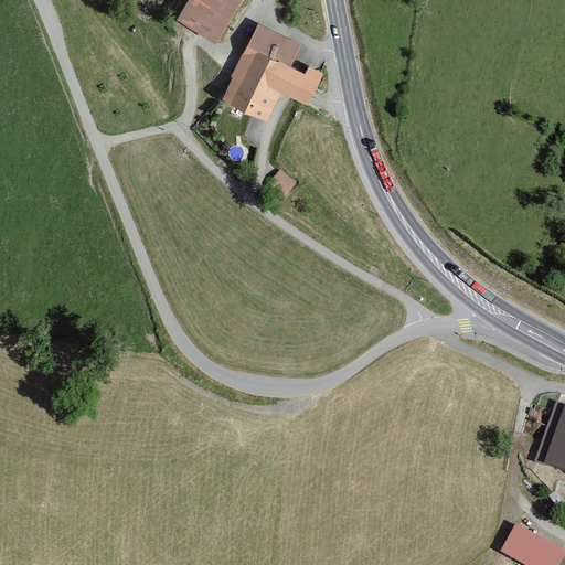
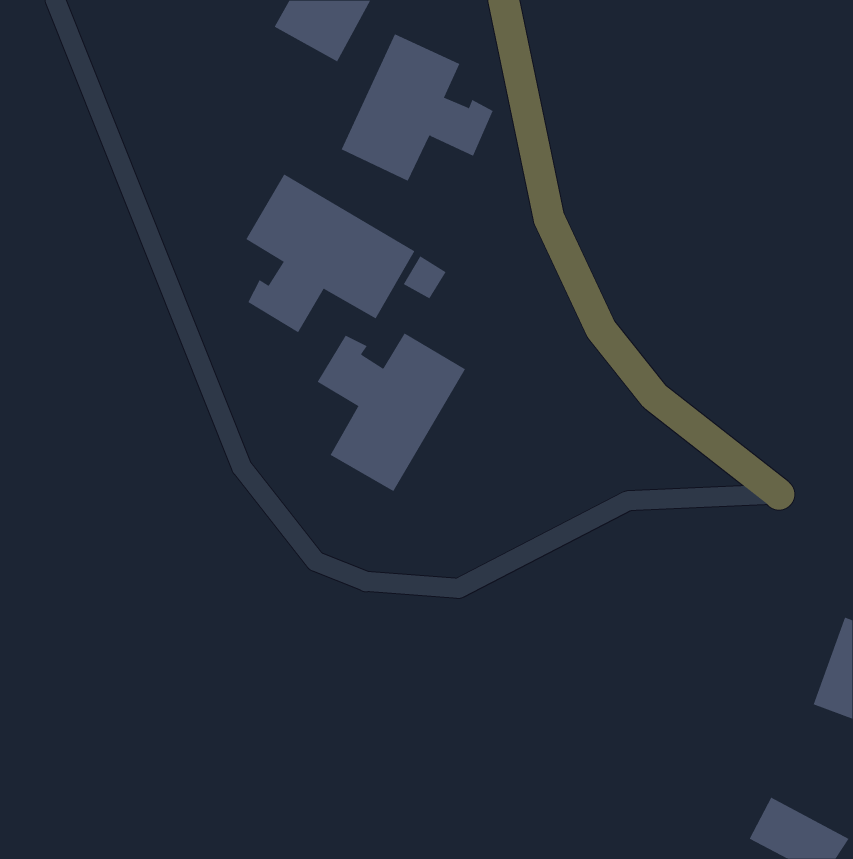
building: none -> [245,174,415,333]
building: none -> [317,332,466,492]

